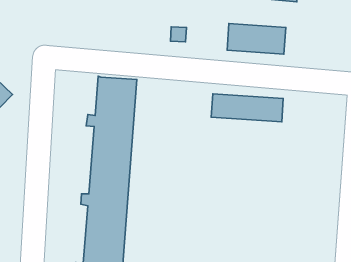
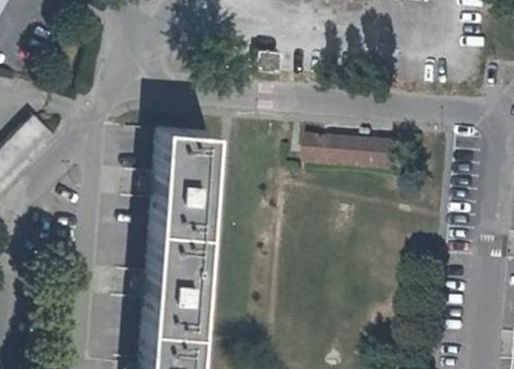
building: [227,24,286,54] -> none

